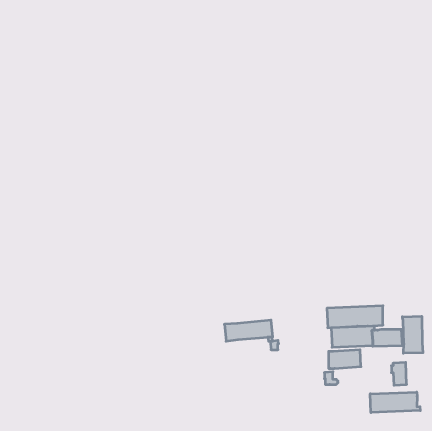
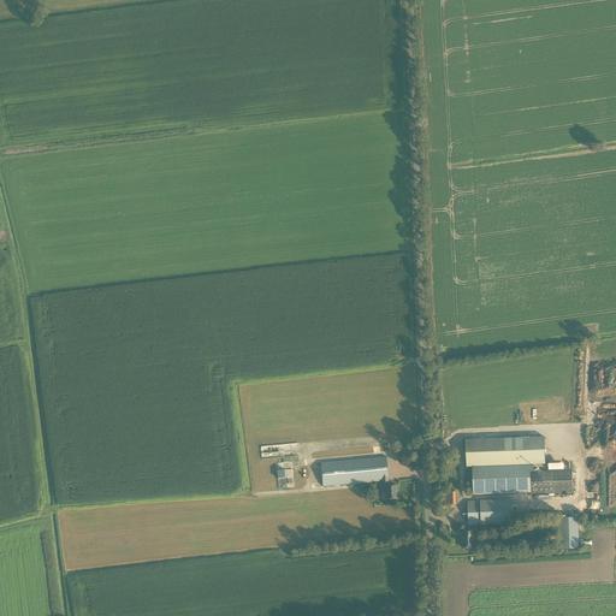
building: [402,316,423,353] -> none
building: [370,392,420,413] -> none

